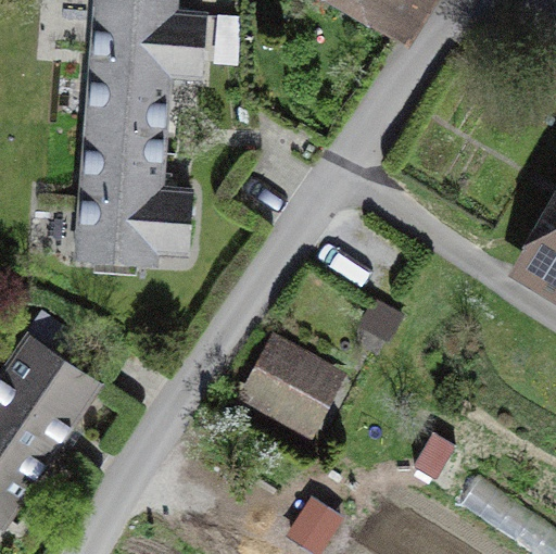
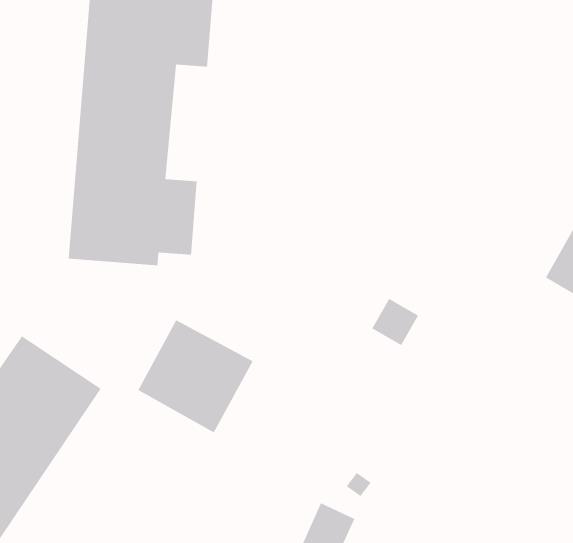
building: [237,333,345,440] -> [138,319,253,433]

